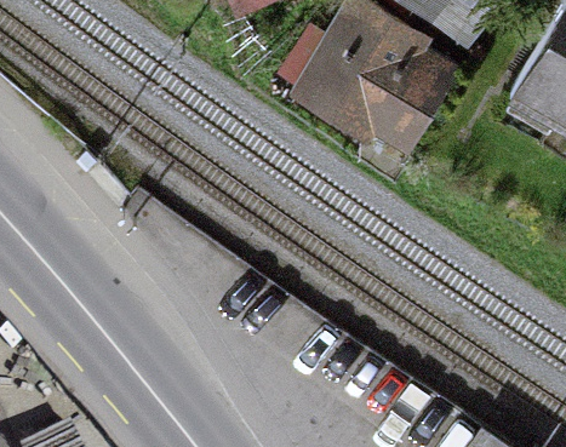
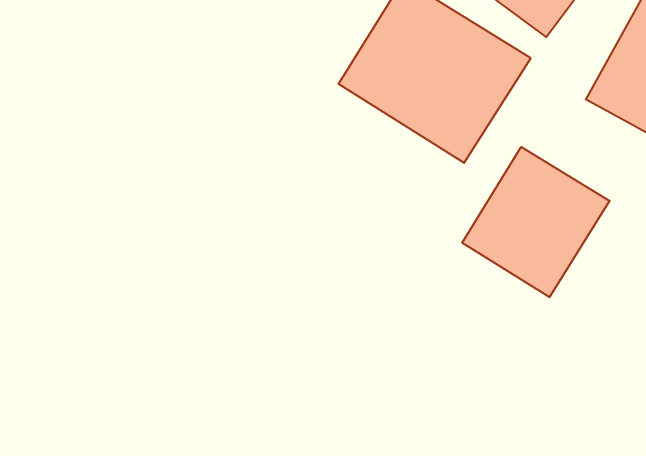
building: none -> [462,147,610,297]

